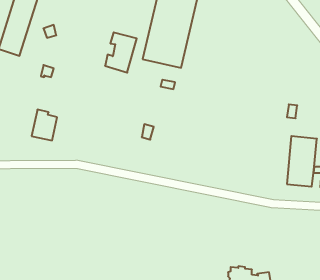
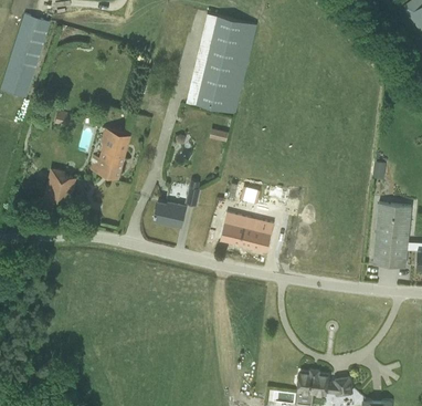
building: [105,32,137,73] -> [91,127,131,179]
building: none -> [155,202,186,227]
building: none -> [221,212,274,250]

